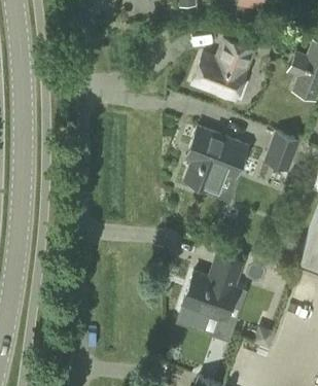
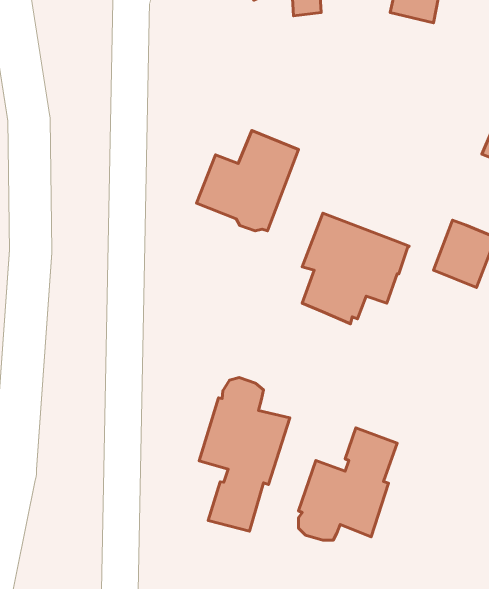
building: [193,41,254,101] -> [197,130,298,231]
building: none -> [199,377,290,531]

